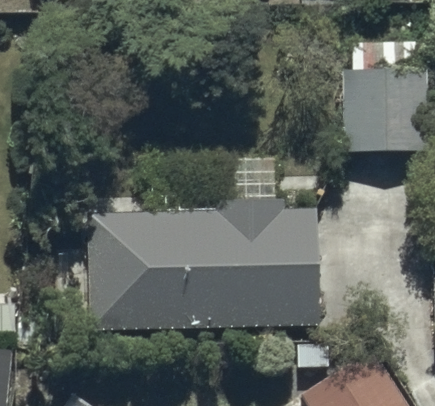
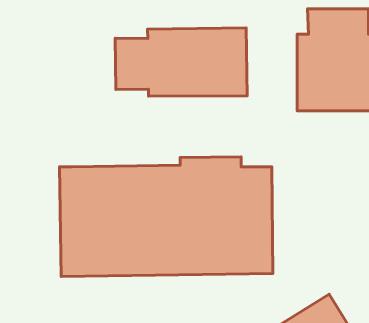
building: none -> [115,28,247,96]

